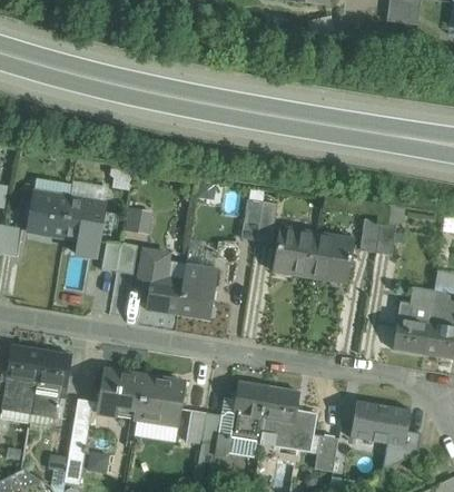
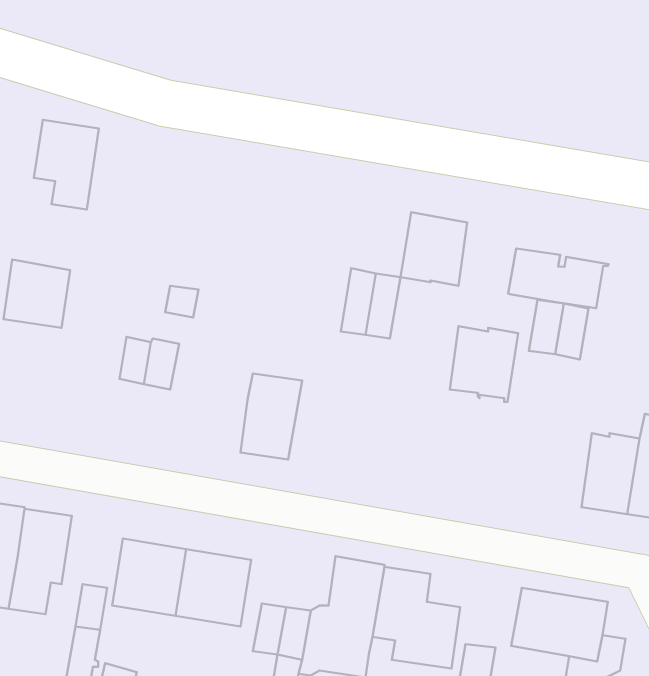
building: none -> [508,248,608,308]
building: [63,198,105,255] -> [34,120,99,209]
building: [273,227,315,274] -> [400,212,467,286]
building: [136,249,181,314] -> none

